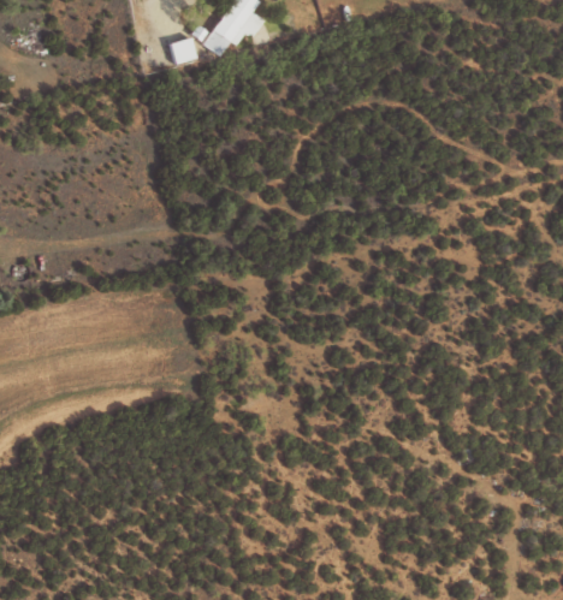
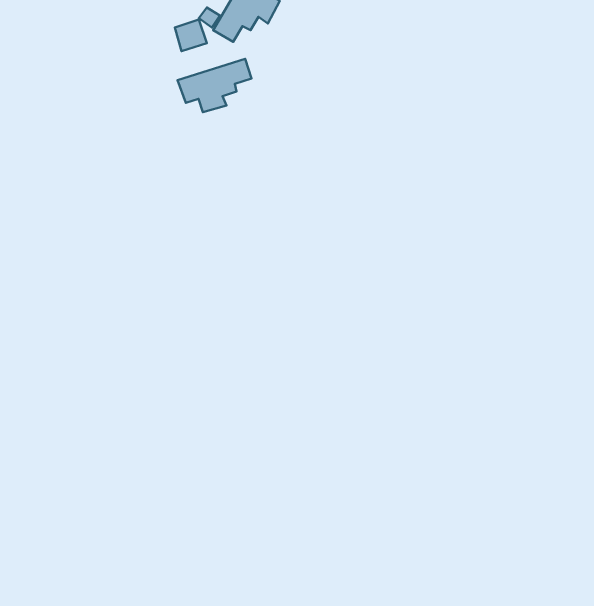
building: none -> [177,59,252,112]

